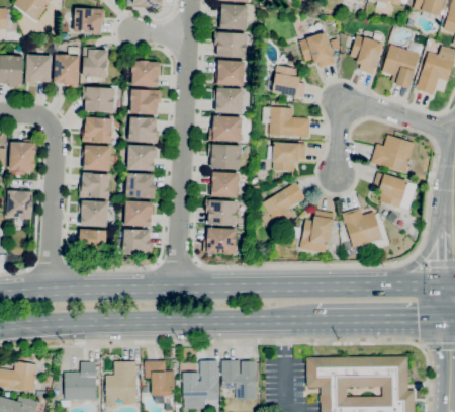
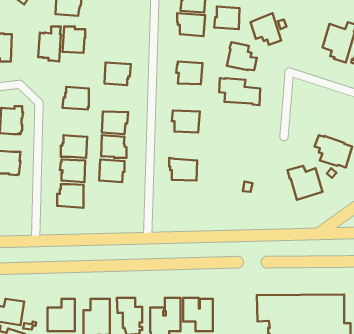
building: [350,35,383,74] -> none
building: [26,55,52,83] -> none
building: [131,60,160,87] -> none
building: [215,60,245,86] -> [214,7,240,29]
building: [82,86,114,112] -> none
building: [209,115,242,142] -> none
building: [129,116,159,143] -> none
building: [371,134,415,172] -> none
building: [268,142,306,170] -> none
building: [83,145,117,171] -> none
building: [209,172,239,197] -> none
building: [261,181,305,230] -> none
building: [300,210,334,252] -> none
building: [203,228,236,254] -> none
building: [123,229,153,254] -> none

